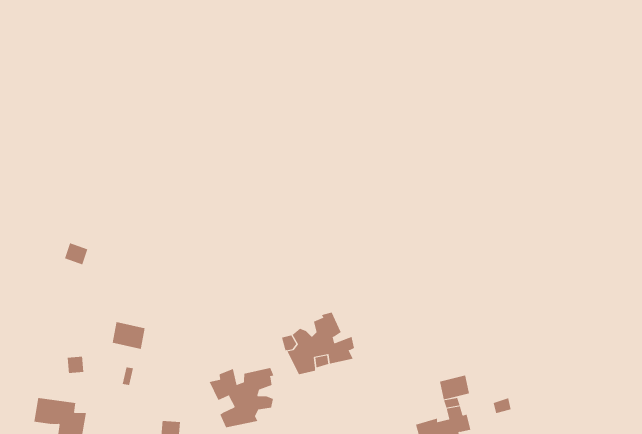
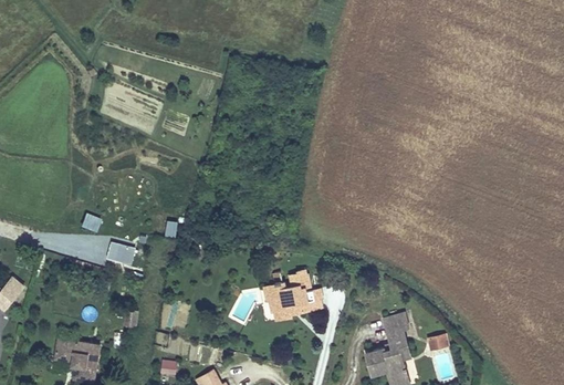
building: [112,322,145,350] -> [105,239,133,262]
building: [209,367,274,428] -> none

